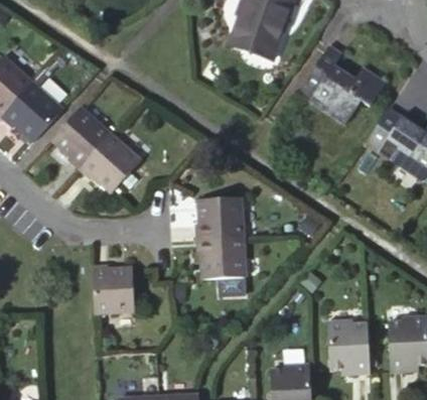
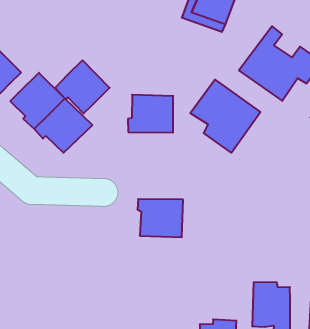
building: none -> [55,60,110,114]
building: none -> [190,80,260,153]
building: [194,197,244,239] -> [128,95,173,133]
building: [92,263,136,311] -> none

